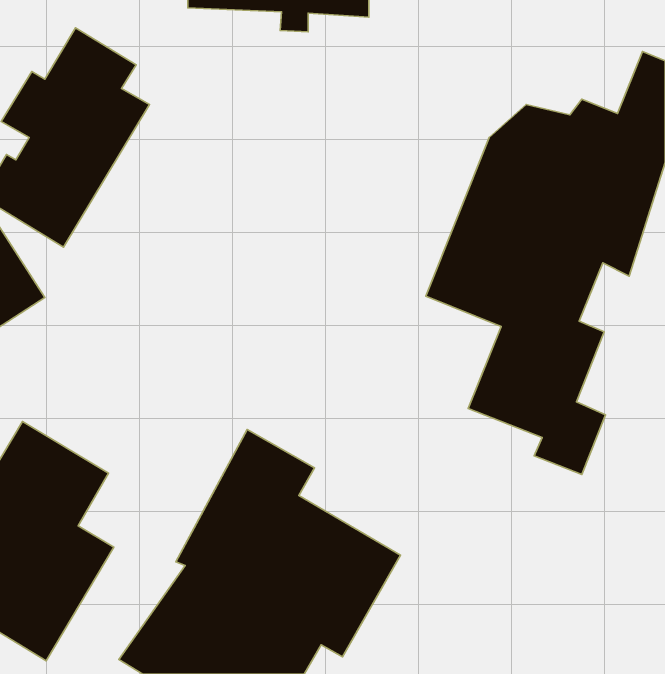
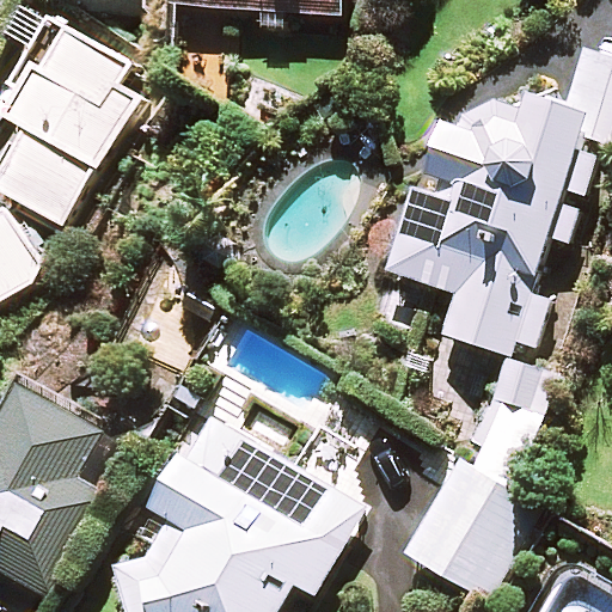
building: none -> [402,461,536,599]

